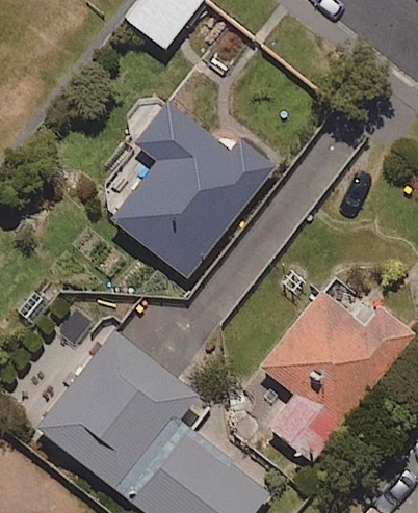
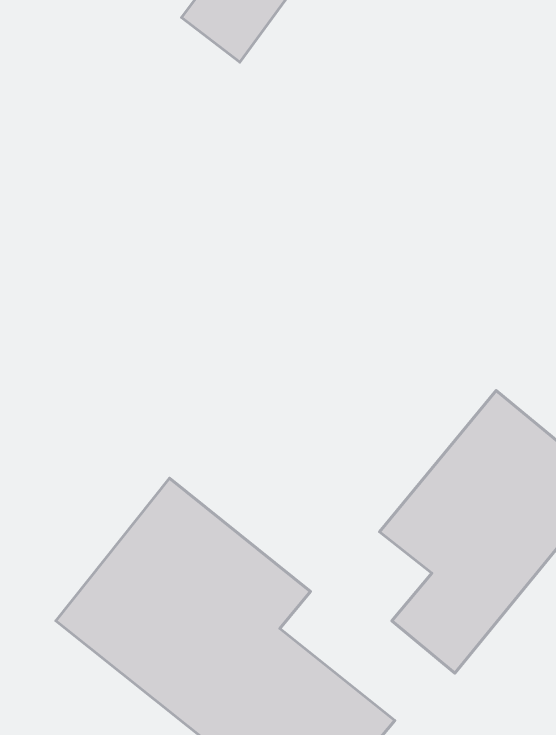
building: [108,102,273,279] -> none

